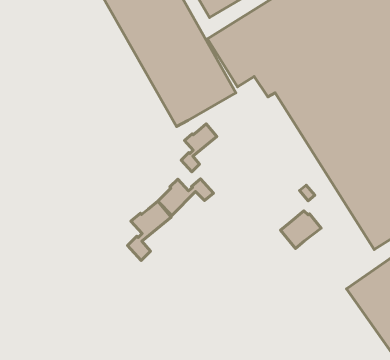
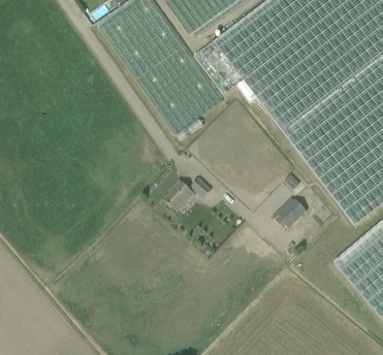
building: [181,124,217,172] -> none
building: [127,201,171,261] -> none

